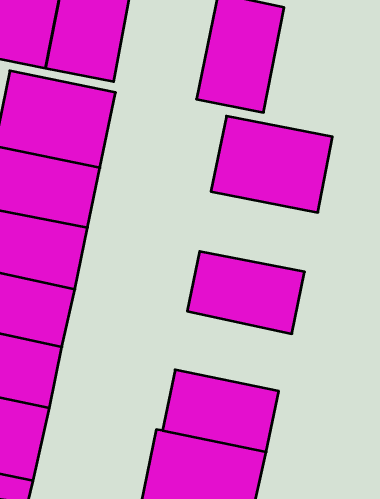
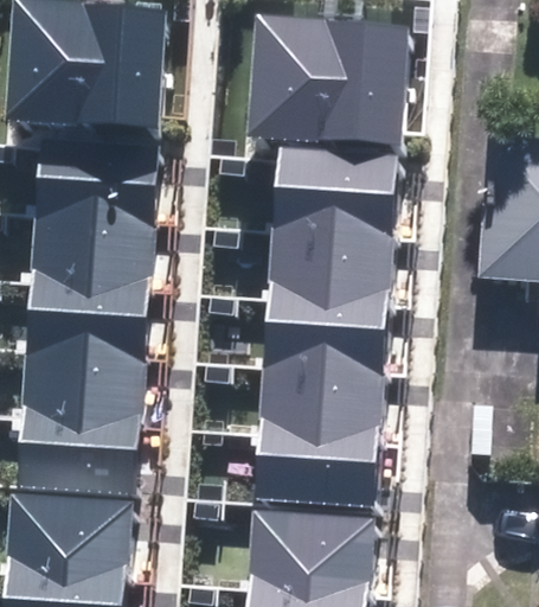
building: none -> [325,23,408,146]
building: none -> [275,236,399,311]
building: none -> [265,371,389,446]

